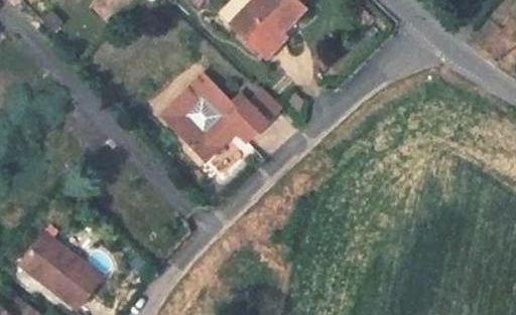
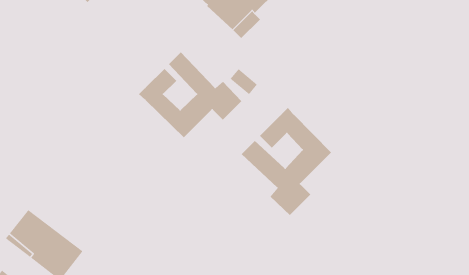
building: none -> [241,107,332,216]

